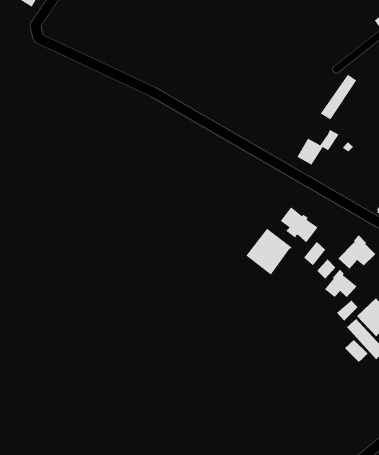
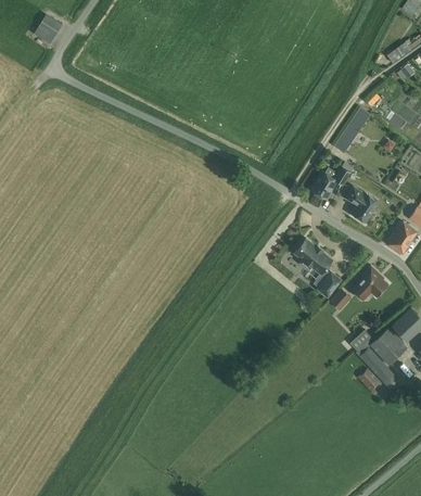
building: none -> [345,187,379,224]
building: [245,228,293,276] -> none
building: [324,269,358,298] -> none

